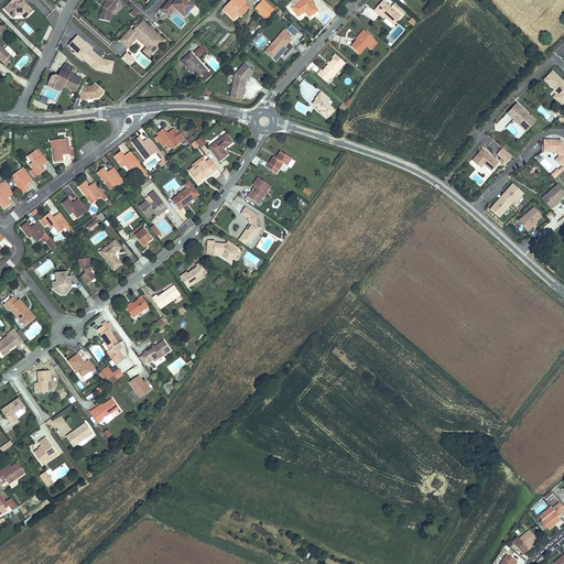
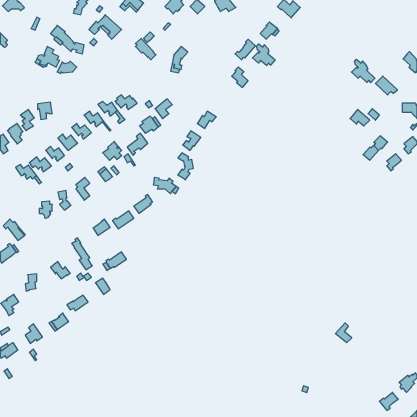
building: [265,23,299,61] -> none
building: none -> [252,44,275,66]
building: none -> [351,59,375,83]

